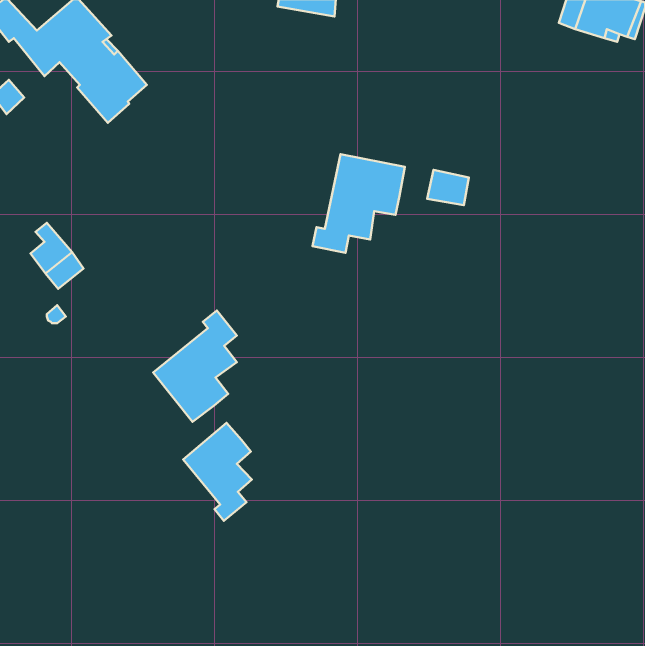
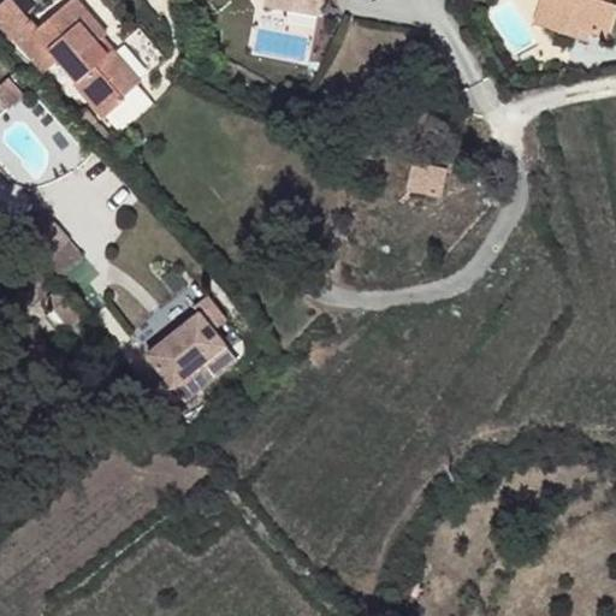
building: [312,154,405,253] -> none
building: [183,423,252,521] -> none

